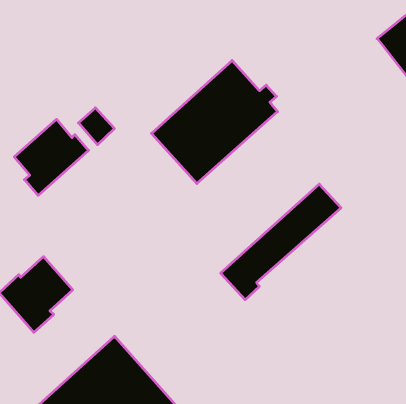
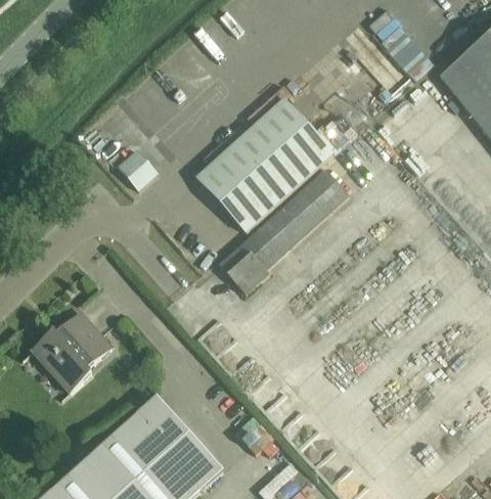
building: [14,119,89,195] -> none
building: [221,184,341,300] -> [220,168,350,292]

